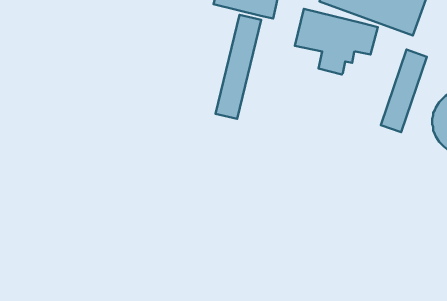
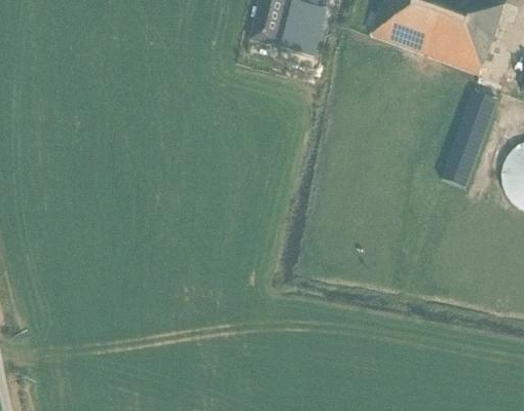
building: [295,9,378,74] -> none
building: [215,15,261,119] -> none

